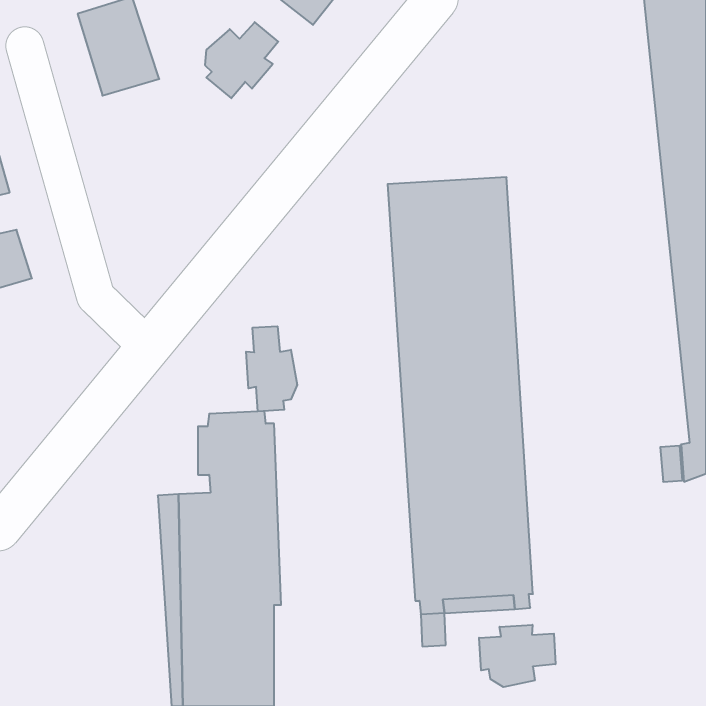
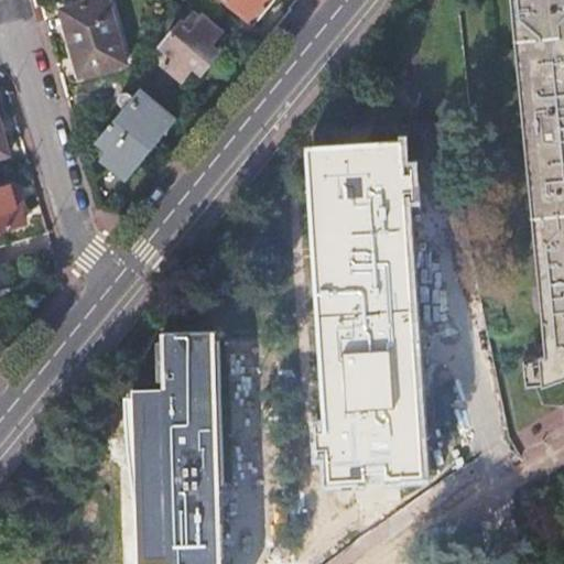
building: none -> [100,91,175,178]
building: [246,326,297,411] -> none
building: [479,625,555,687] -> none

